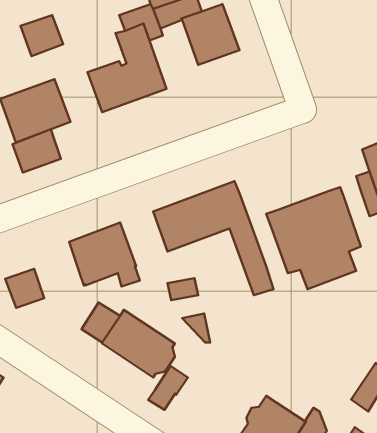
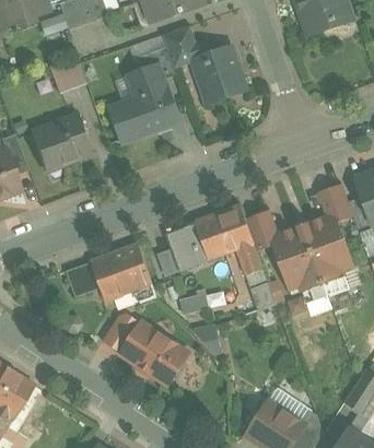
building: [12,129,61,173] -> none
building: none -> [317,182,354,221]
building: none -> [245,209,279,250]
building: [5,269,44,308] -> [66,261,101,296]
building: [148,366,188,410] -> none

